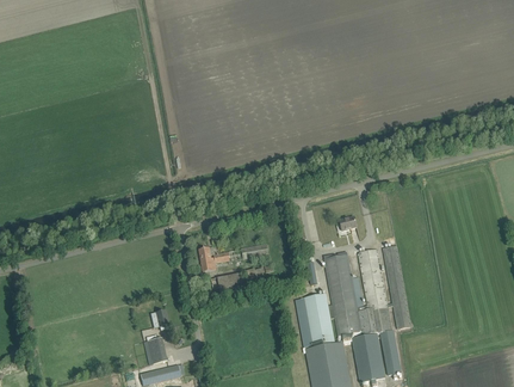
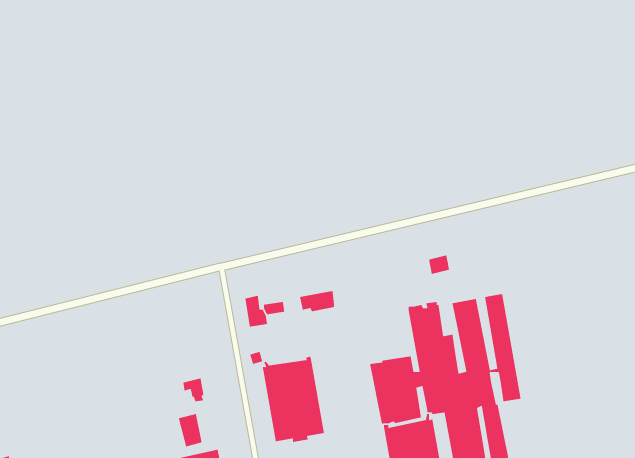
building: none -> [262,355,325,443]

